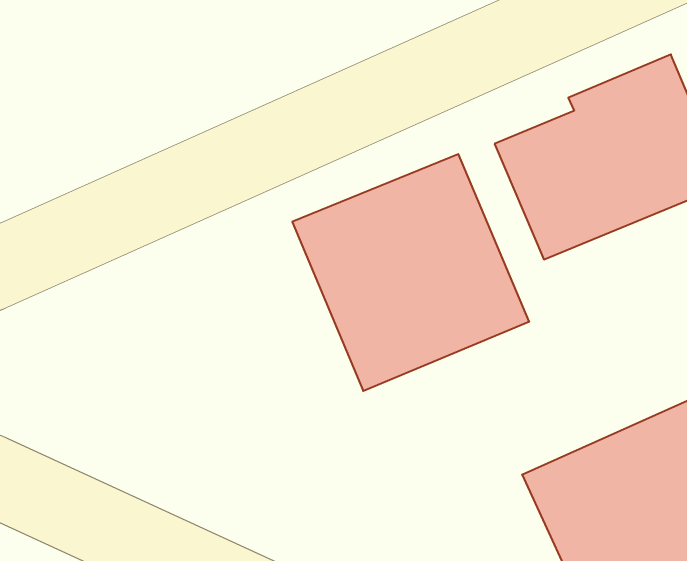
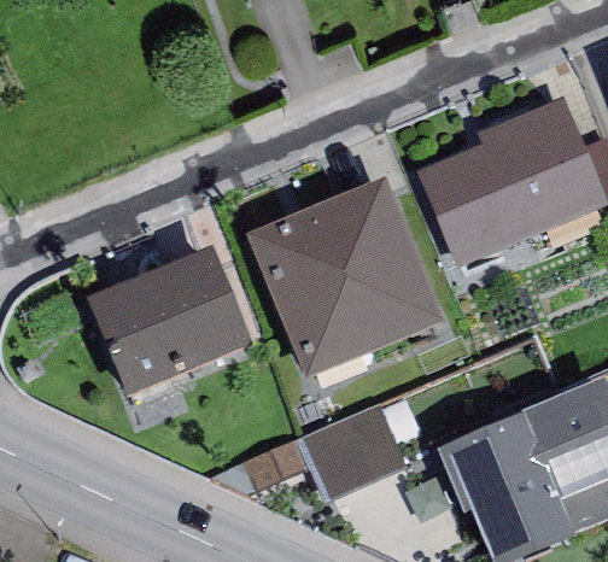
building: none -> [86,247,252,398]
building: none -> [297,404,404,500]

